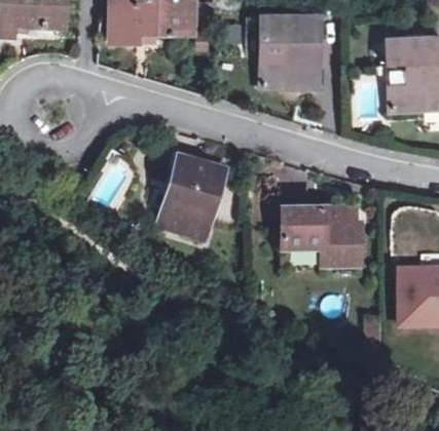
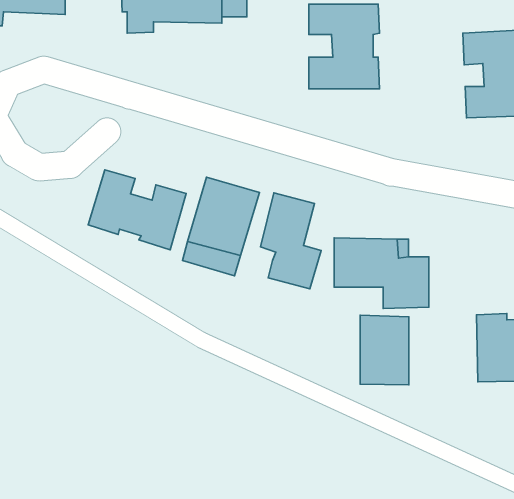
building: none -> [88,170,186,250]
building: none -> [261,193,321,289]
building: none -> [360,315,409,385]

